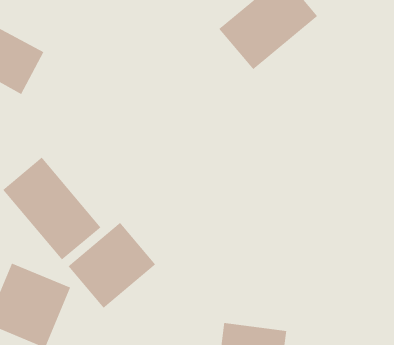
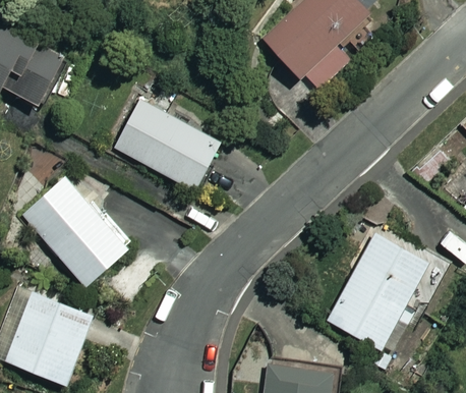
building: none -> [112,98,224,193]
building: none -> [326,233,431,351]
building: [67,222,156,309] -> none

